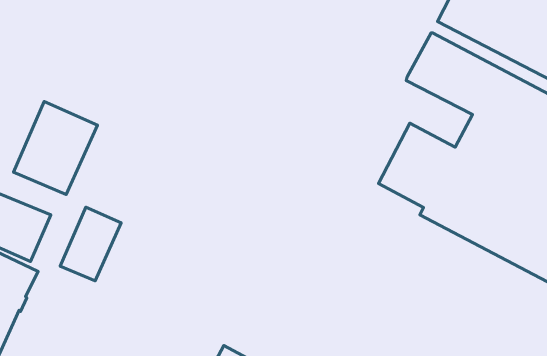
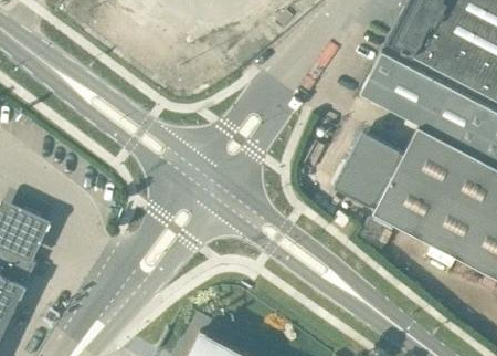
building: [13,102,98,194] -> none
building: [60,207,121,281] -> none

